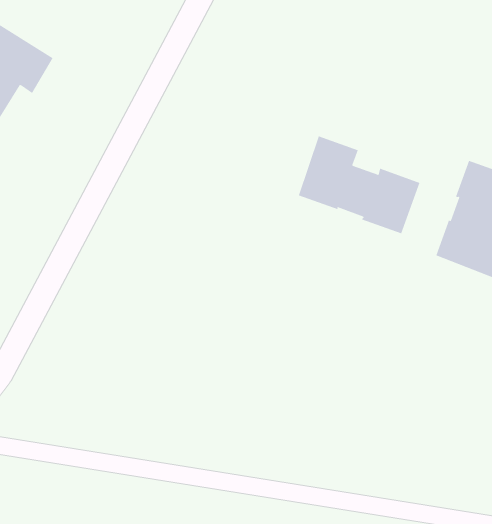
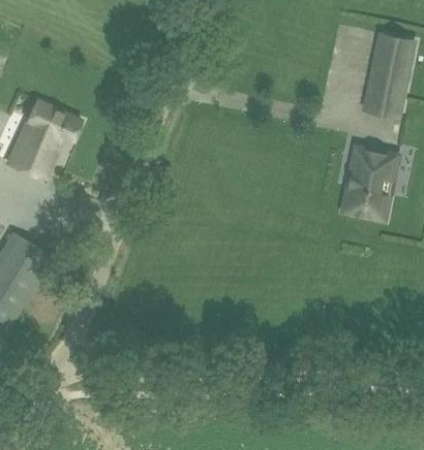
building: [298,135,420,234] -> none

